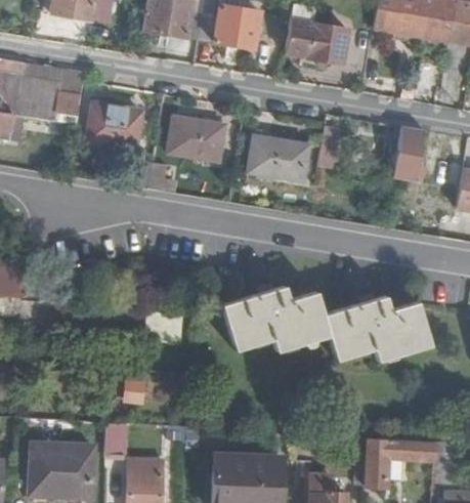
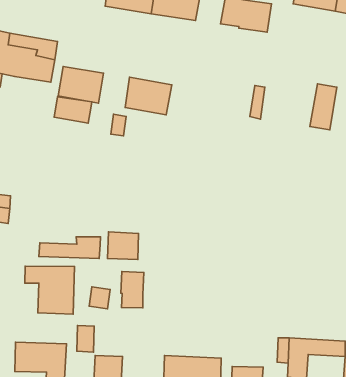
building: [247,138,308,182] -> none
building: none -> [54,97,92,123]
building: [222,287,431,363] -> none
building: none -> [39,237,101,258]
building: none -> [25,266,75,314]
building: none -> [121,272,144,308]

